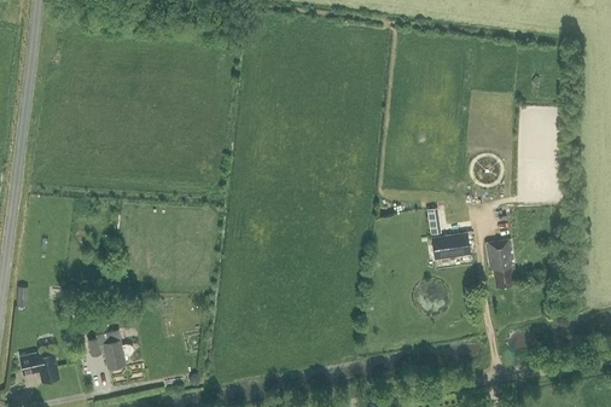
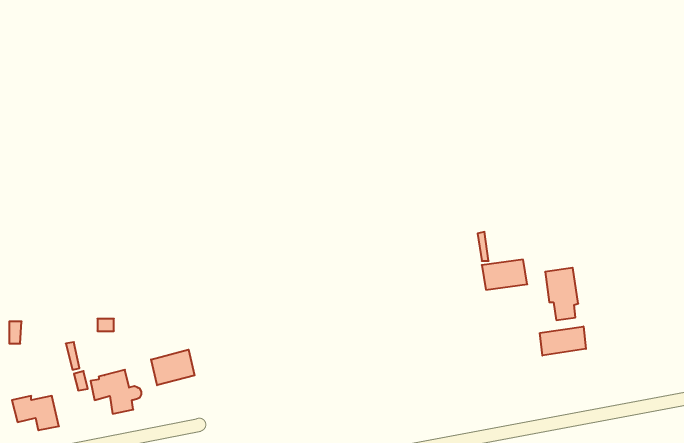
building: none -> [540,326,586,356]
building: none -> [151,350,195,385]

